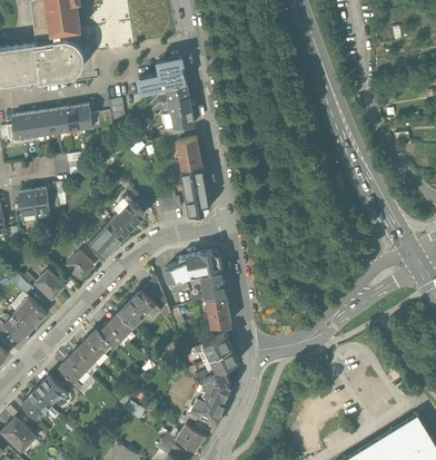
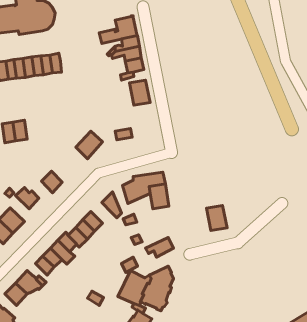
building: [181,166,209,215] -> none
building: [90,222,123,257] -> none
building: [128,290,160,322] -> none
building: [205,295,230,326] -> [206,205,227,231]
building: [207,348,238,376] -> none

